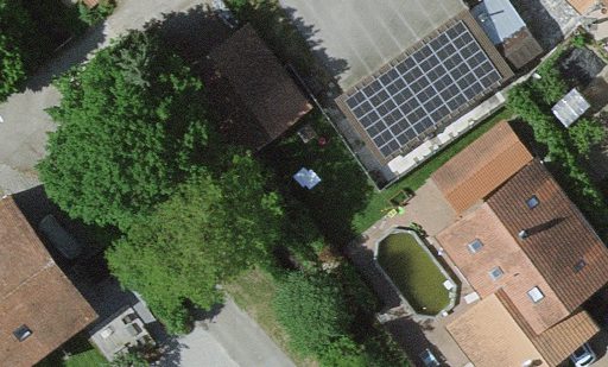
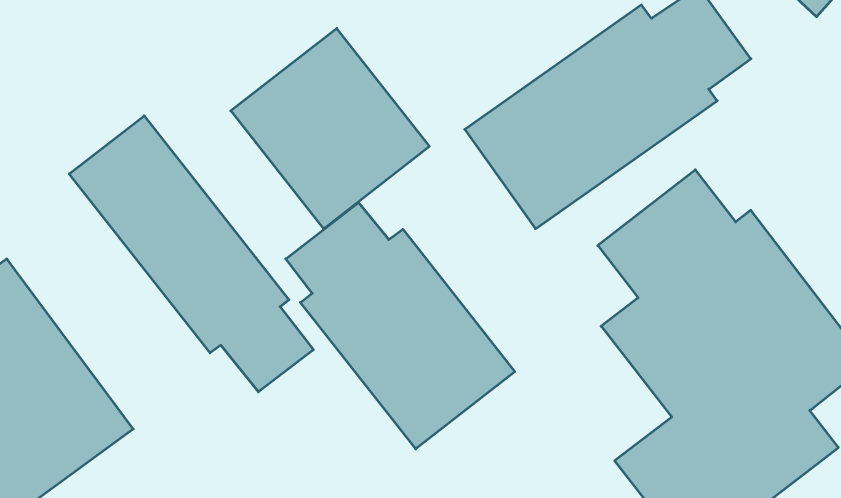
building: none -> [69,116,313,392]
building: none -> [286,203,515,449]

